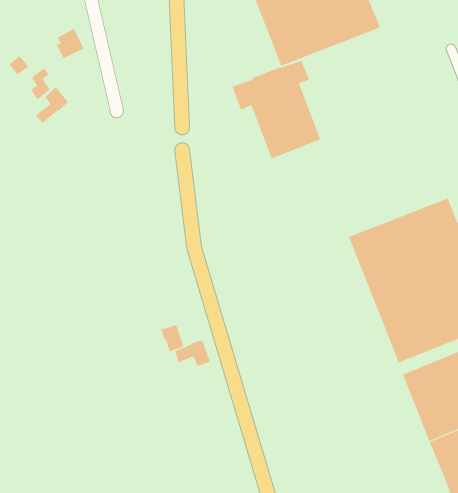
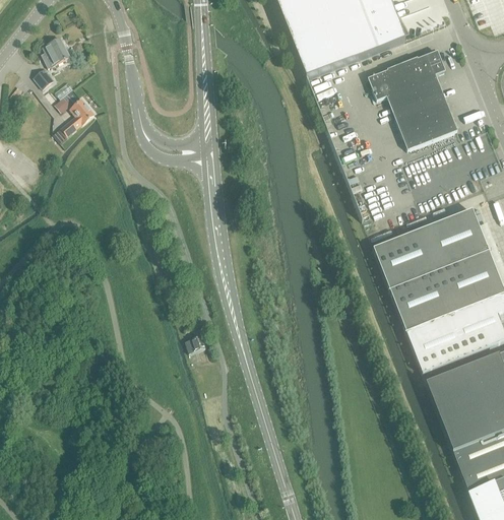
building: [56,28,84,59] -> [42,35,70,65]
building: [231,60,321,159] -> [368,49,457,147]
building: [174,340,210,367] -> none

